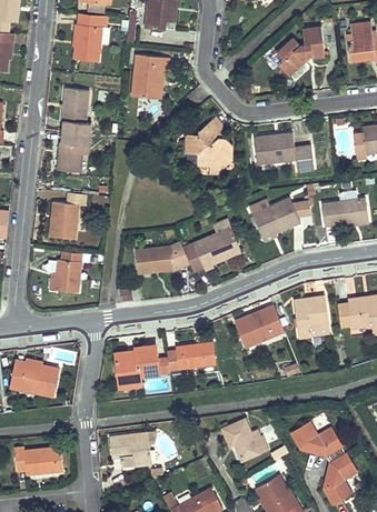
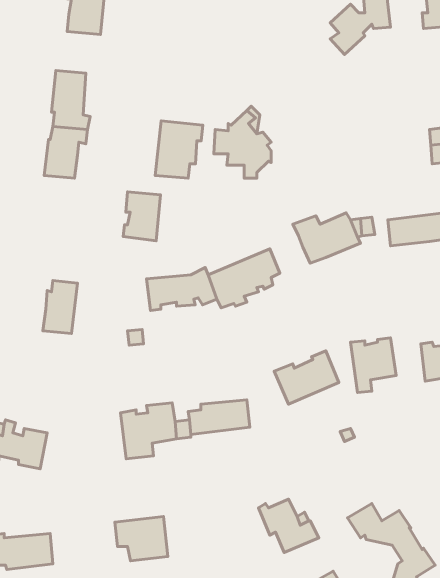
building: [131,54,168,99] -> [155,121,203,178]
building: [252,134,314,171] -> none
building: [49,202,78,240] -> [123,192,160,241]

